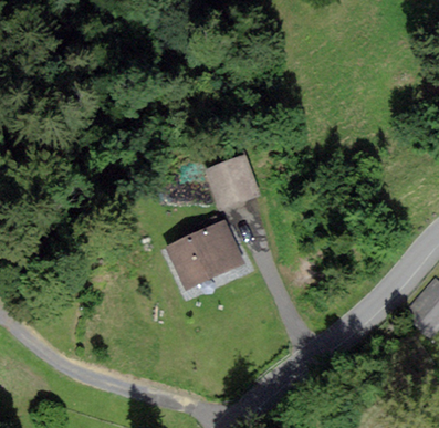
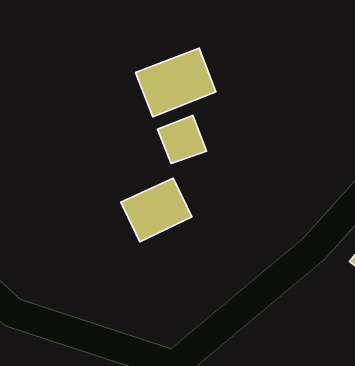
building: none -> [136,48,216,117]

